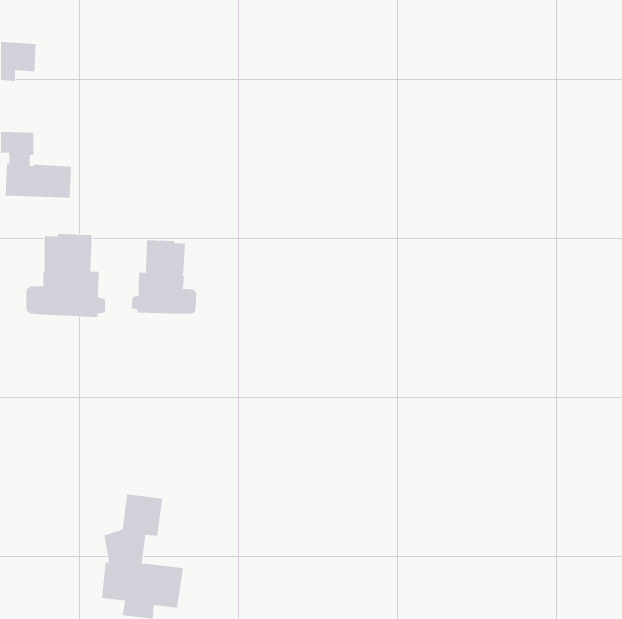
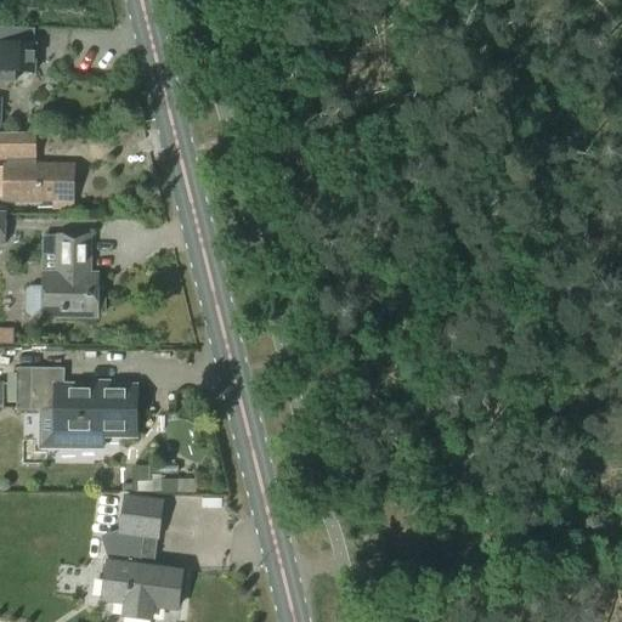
building: [131,239,197,314] -> none
building: none -> [16,367,136,451]

